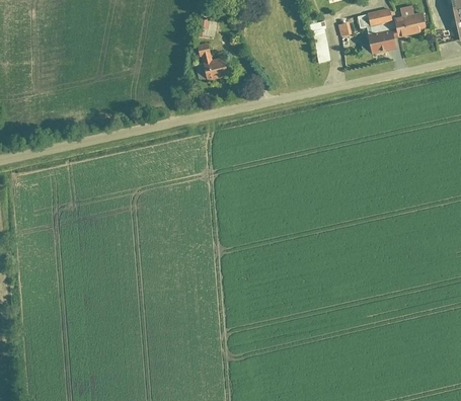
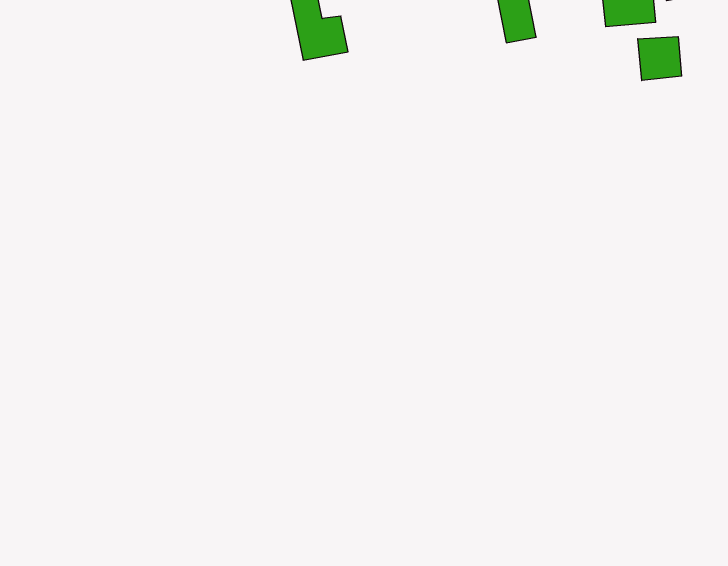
building: none -> [638,37,682,81]

